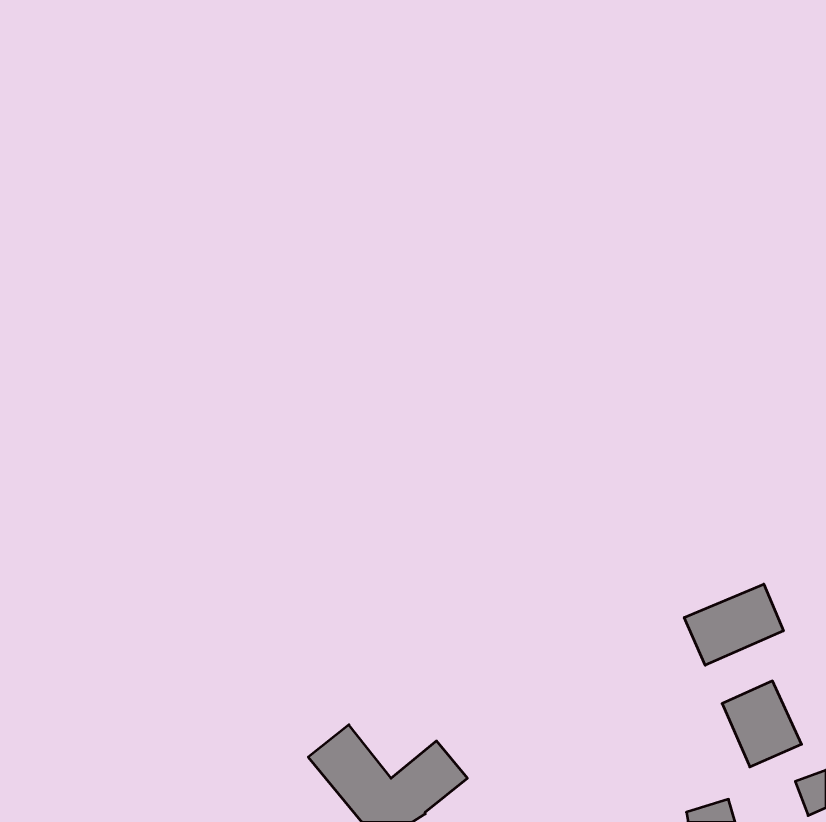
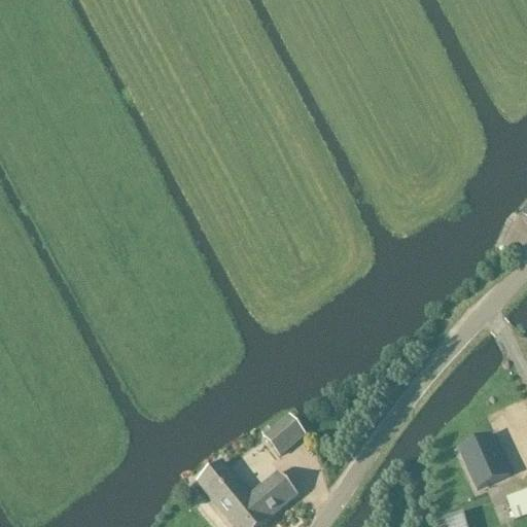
building: [684,584,783,665] -> none
building: none -> [264,415,304,454]

